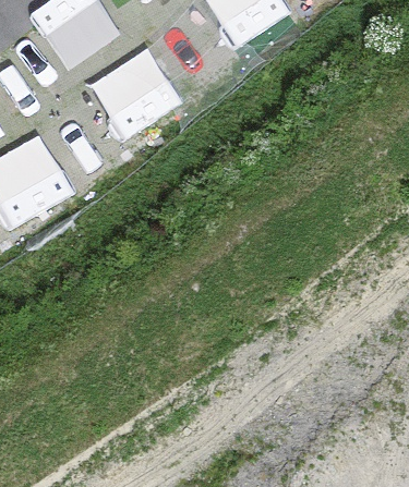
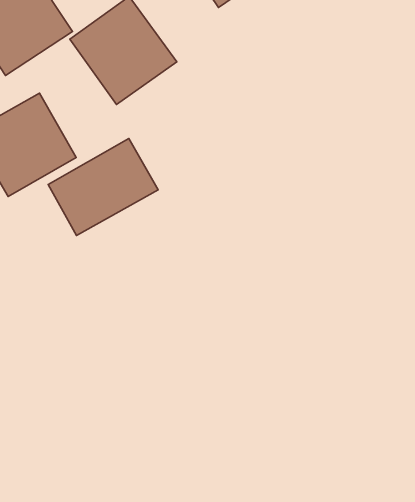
building: none -> [48,138,158,236]

